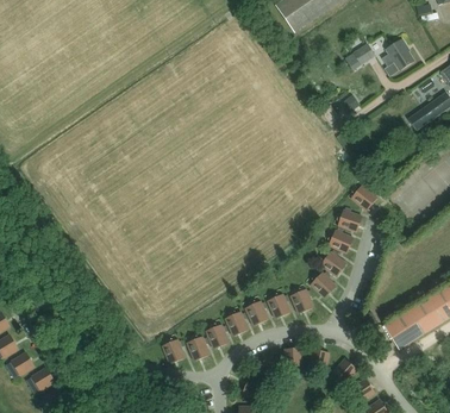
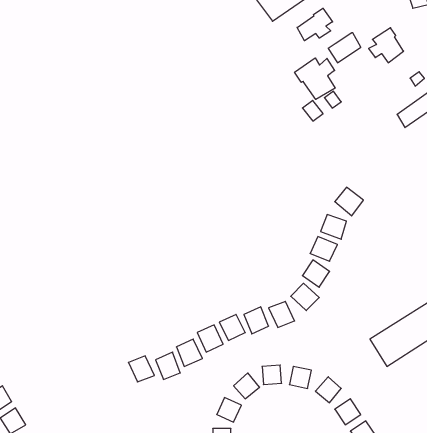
building: none -> [297,8,333,41]
building: none -> [295,58,335,99]

